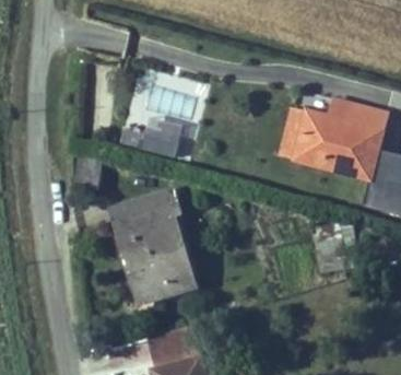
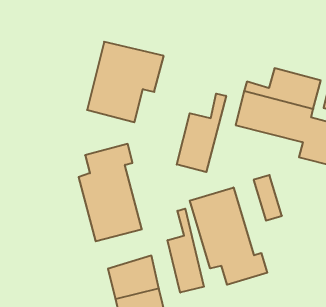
building: none -> [177,94,226,172]
building: none -> [190,187,267,285]
building: none -> [168,209,204,293]

